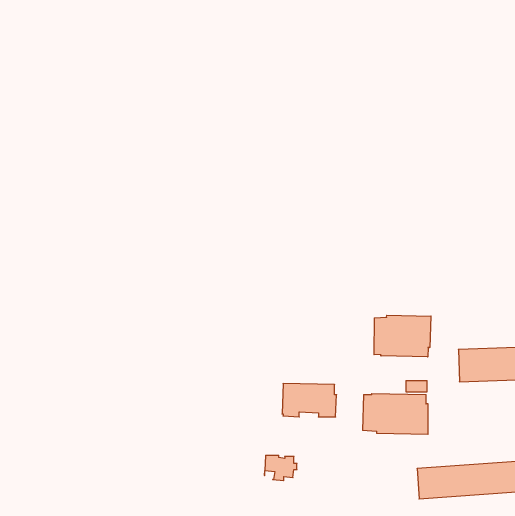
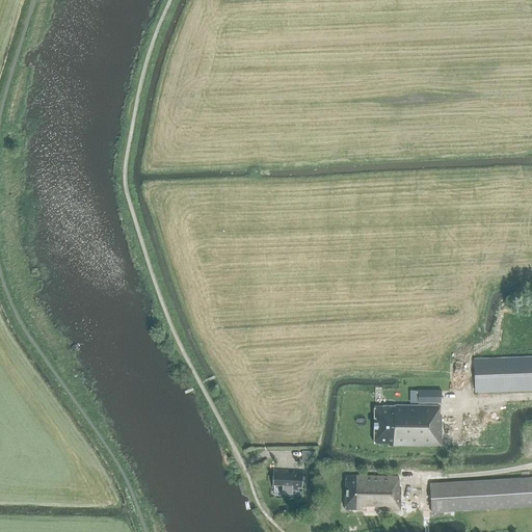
building: [374,315,431,357] -> none
building: [282,384,337,417] -> [345,476,401,510]

